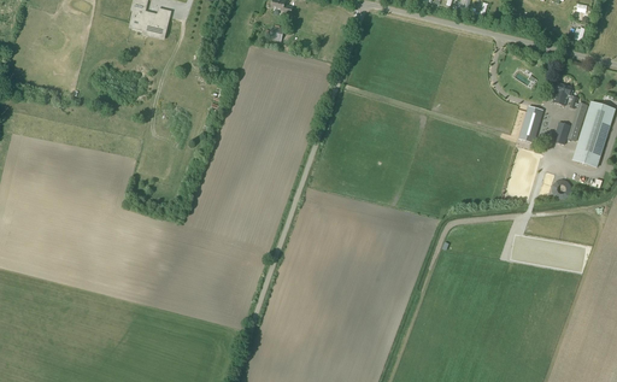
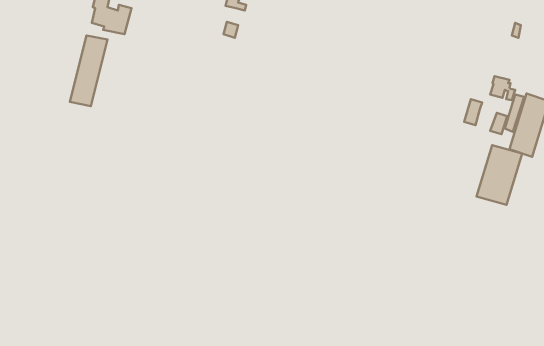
building: none -> [70,35,108,106]
building: none -> [476,145,522,205]

